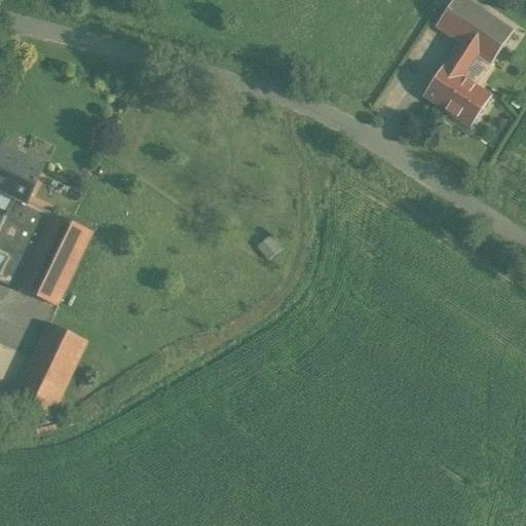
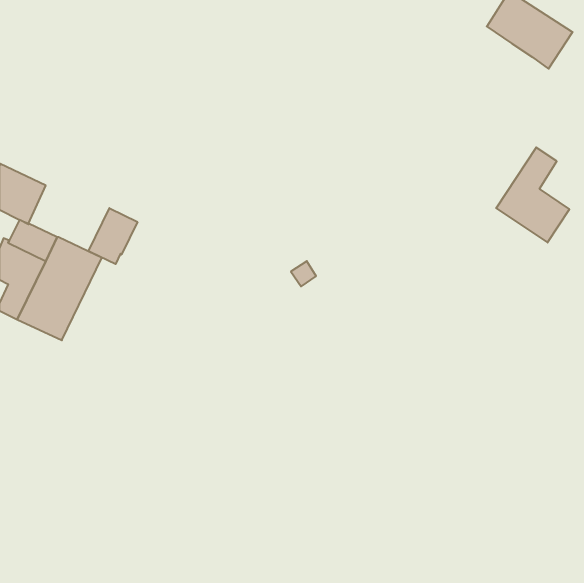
building: [423,39,489,124] -> [496,147,569,243]
building: none -> [88,208,137,264]
building: [10,322,85,417] -> none

